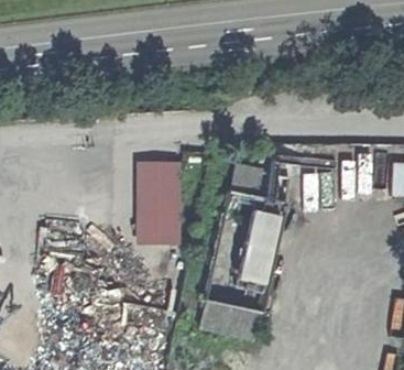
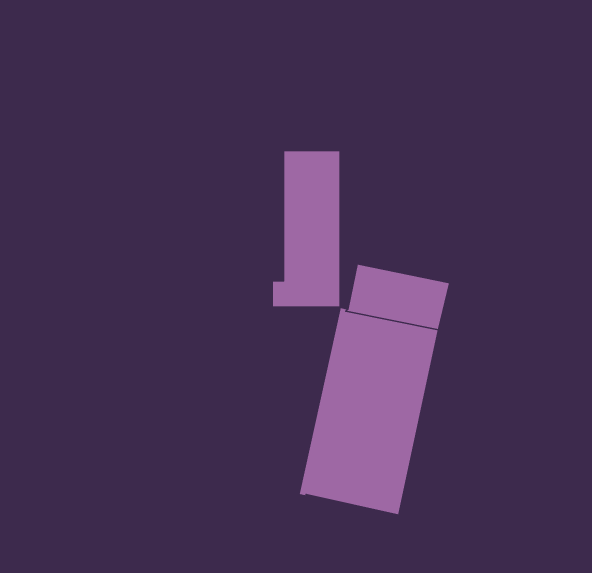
building: [139,162,178,253] -> [272,150,340,307]
building: [201,298,261,337] -> none

